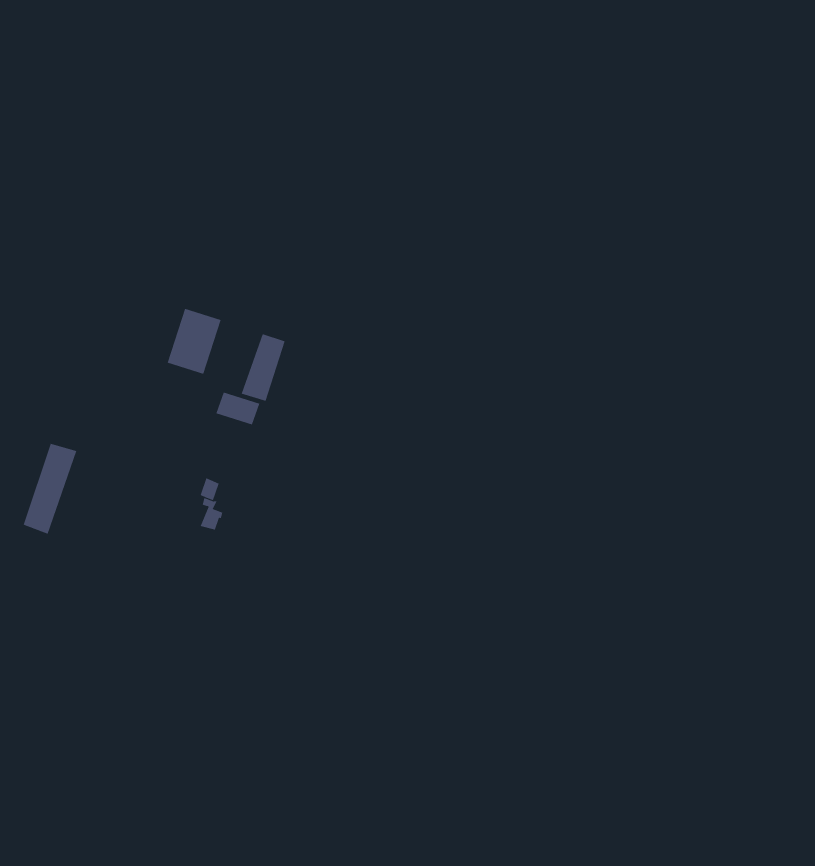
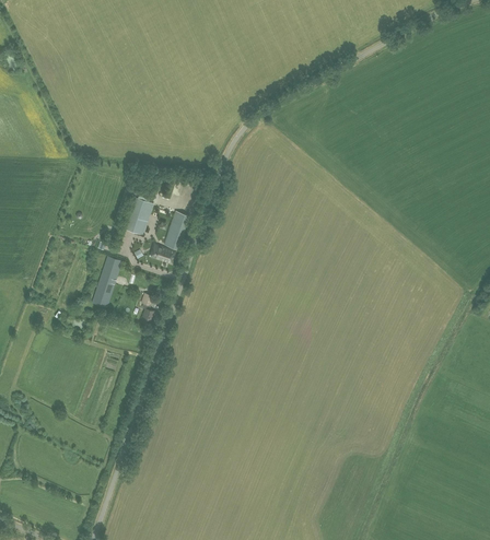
building: [23,443,77,535] -> [92,256,122,307]

